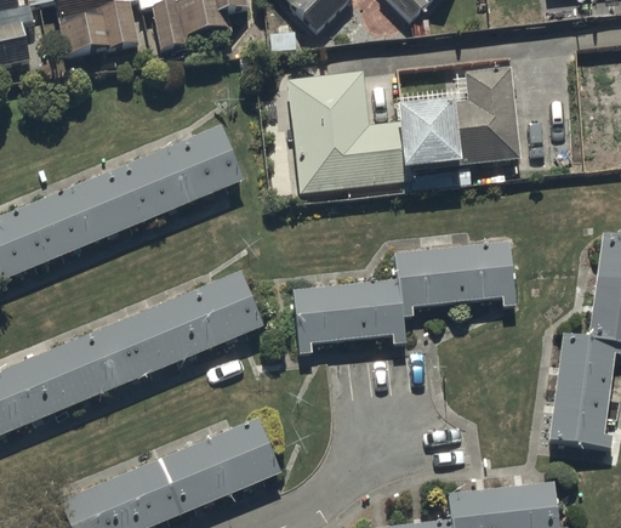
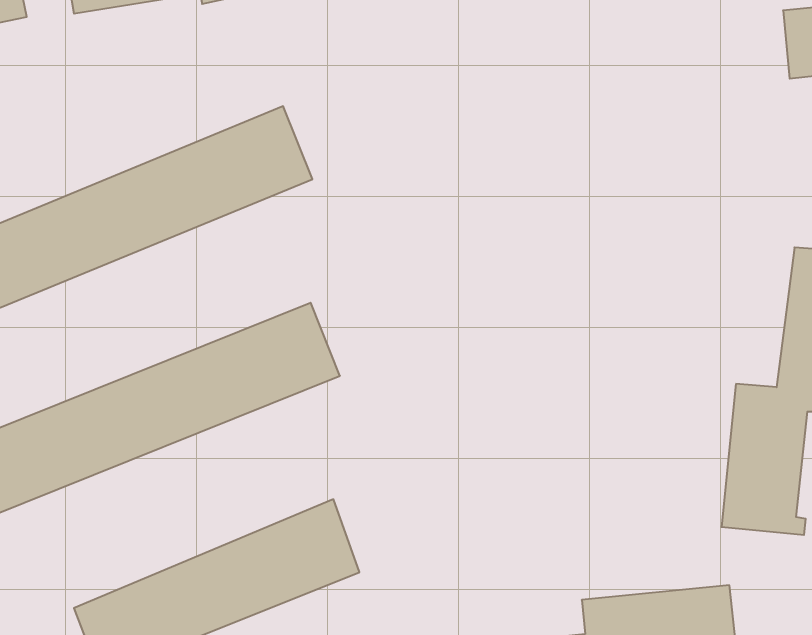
building: [285,68,518,193] -> none
building: [292,242,513,352] -> none

